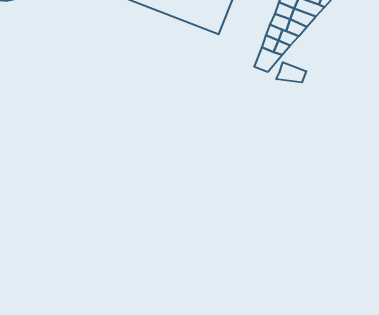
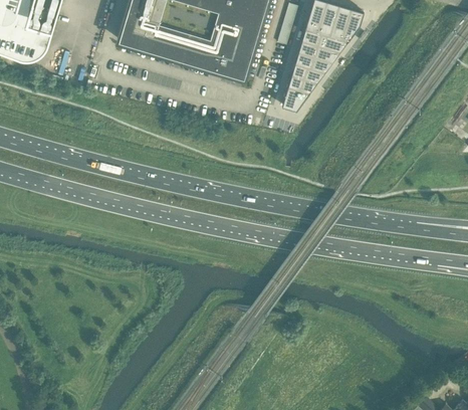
building: [276,62,306,82] -> none

